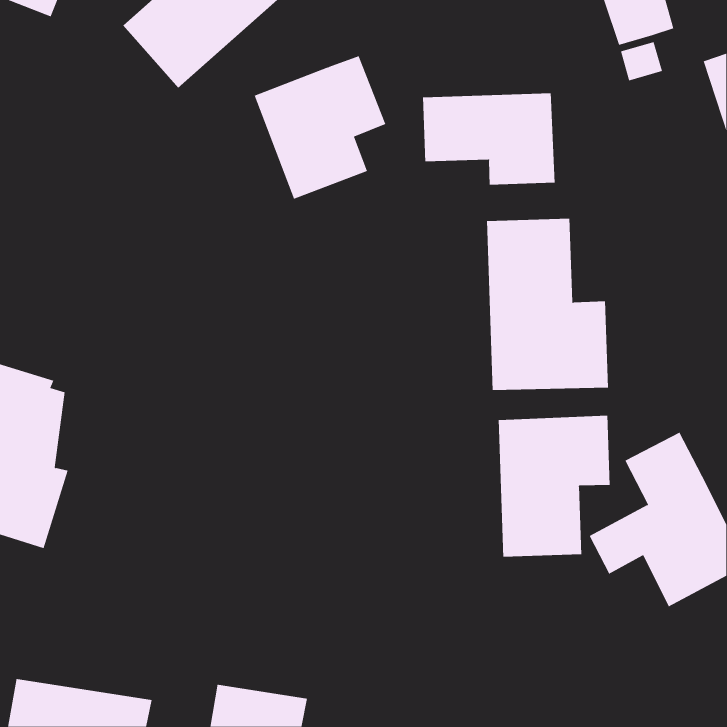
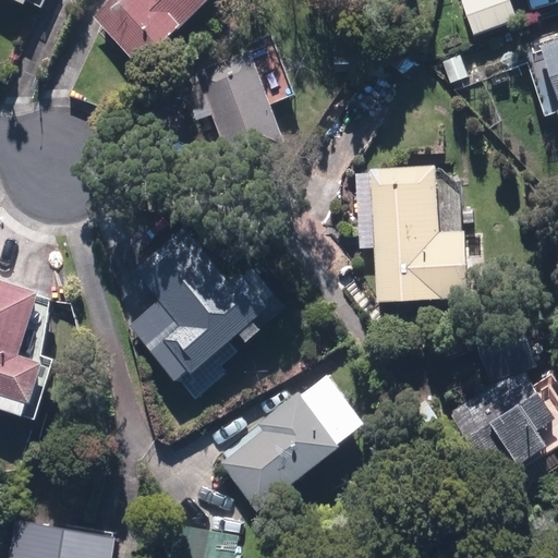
building: [423,93,555,186] -> none
building: none -> [130,228,277,404]
building: [498,415,610,557] -> none
building: none -> [220,373,364,511]

